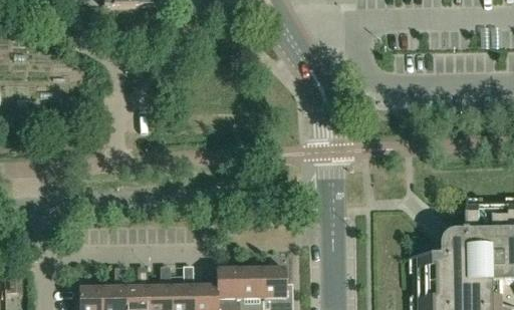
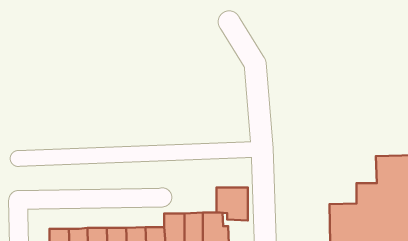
building: none -> [216,188,248,221]

